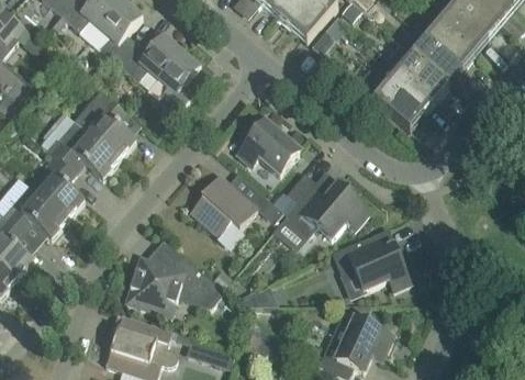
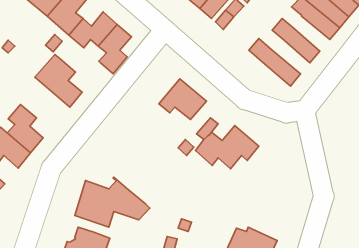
building: [413,38,462,85] -> none
building: [387,68,436,114] -> none
building: [47,119,120,178] -> none
building: [190,174,258,235] -> none
building: [333,238,410,297] -> none

